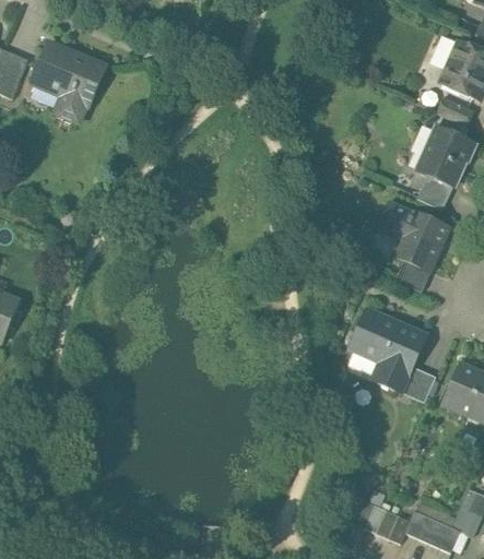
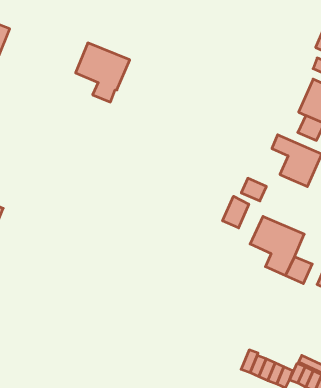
building: [32,41,105,121] -> [76,43,130,102]
building: [396,260,429,290] -> [241,178,266,201]
building: none -> [223,196,249,228]

